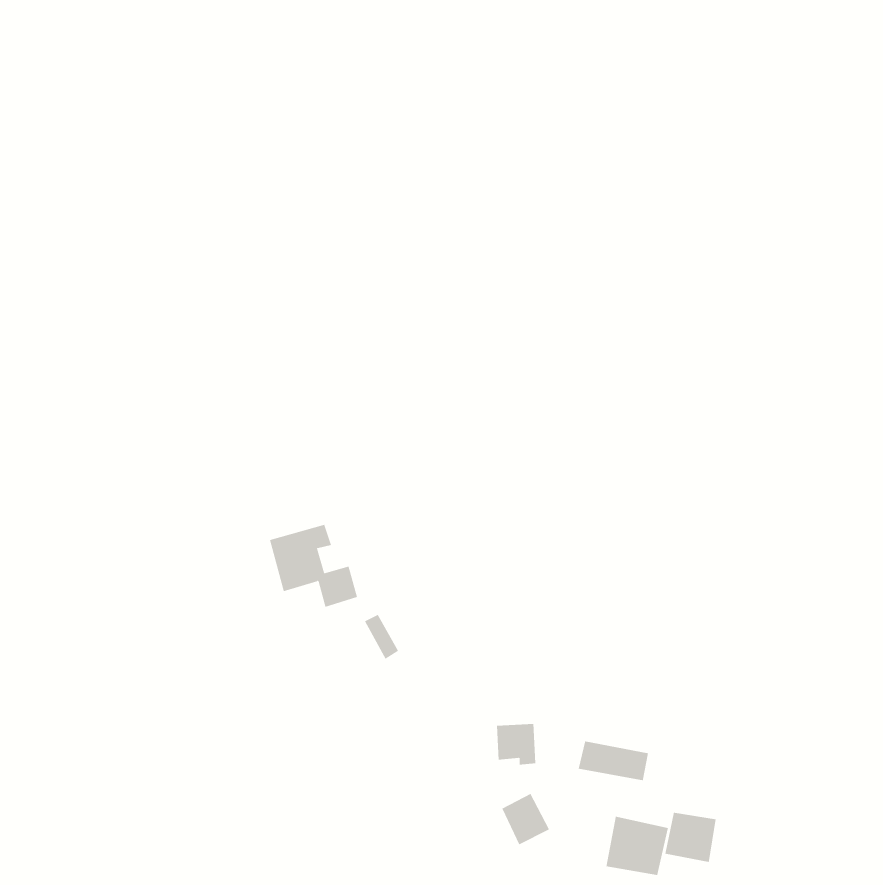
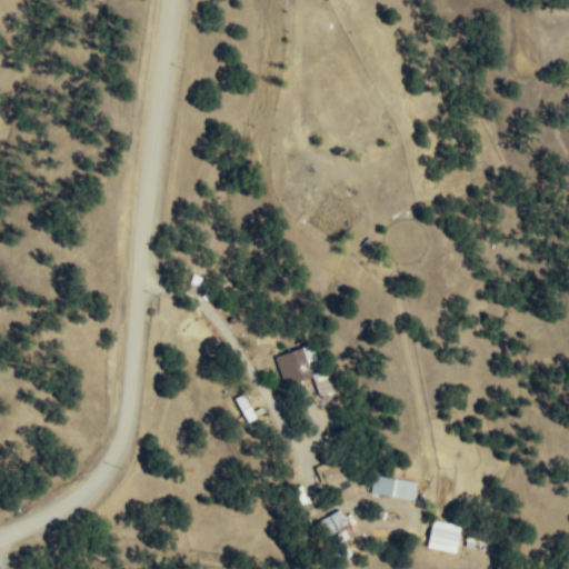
building: [269,524,358,608] -> [277,346,333,399]
building: [606,816,668,876] -> none

